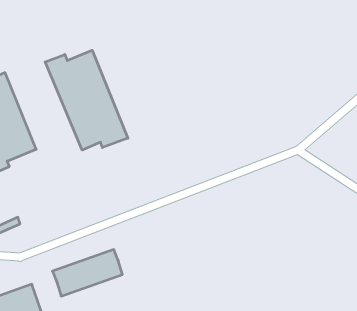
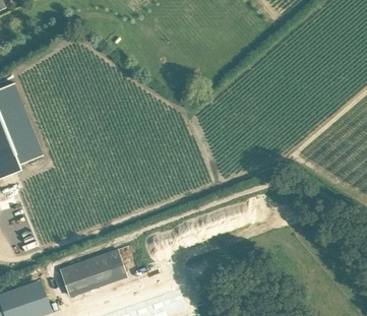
building: [45,50,128,150] -> none

